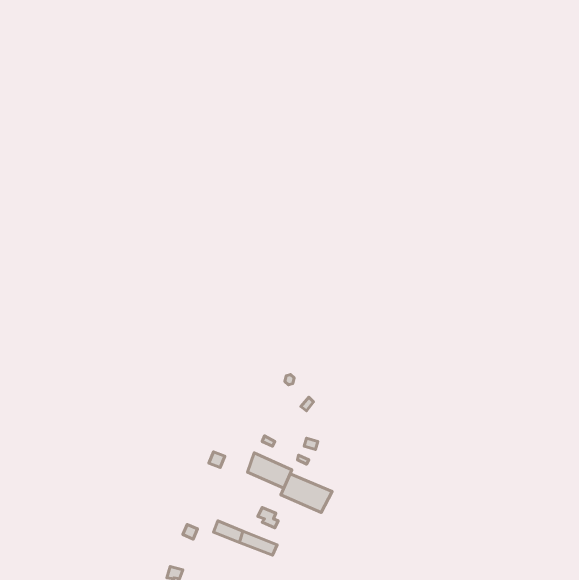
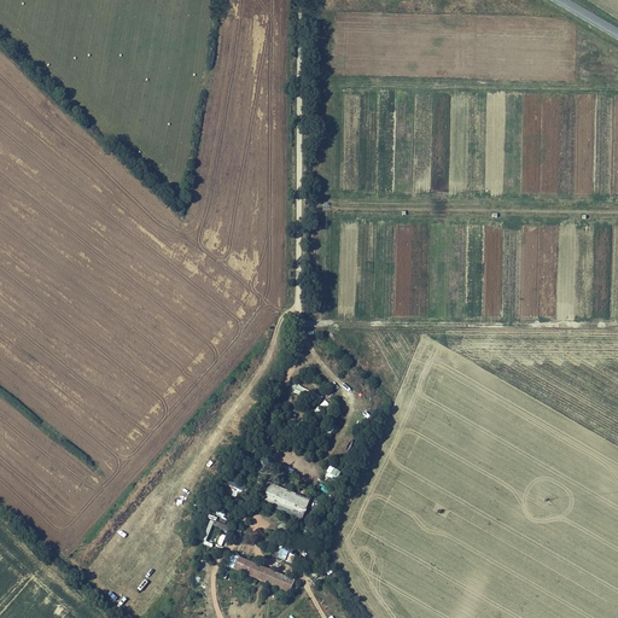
building: [281,474,332,513] -> none

